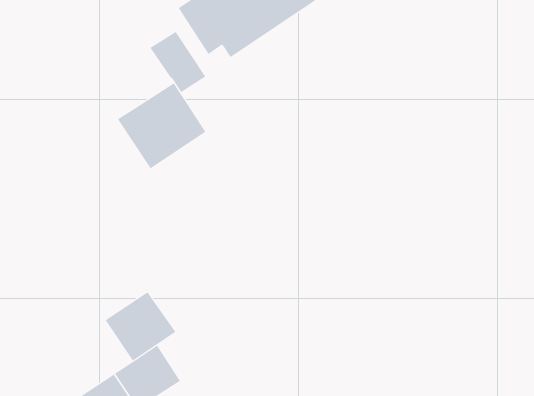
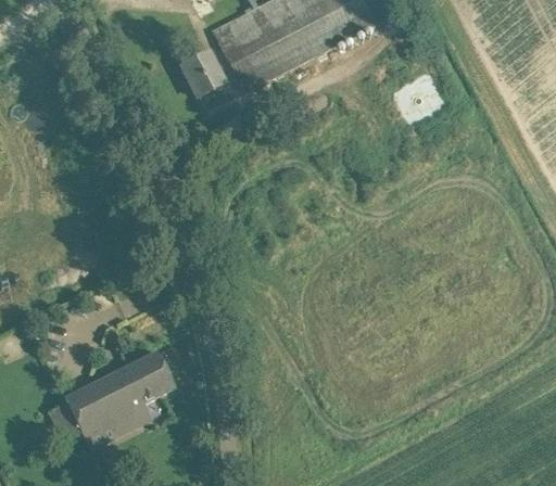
building: [117,82,206,169] -> none
building: [105,292,176,361] -> none

